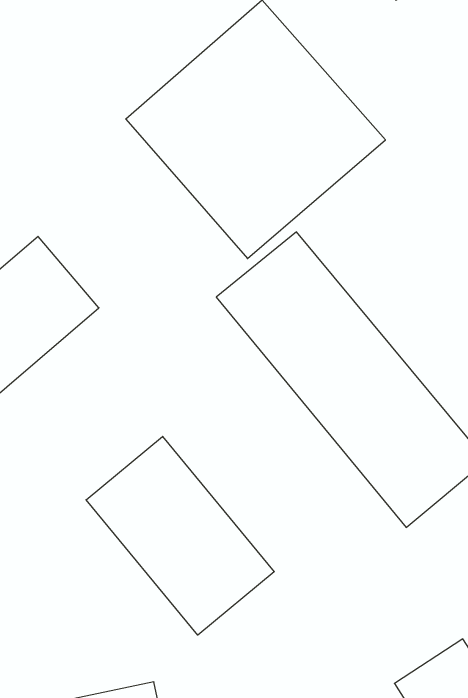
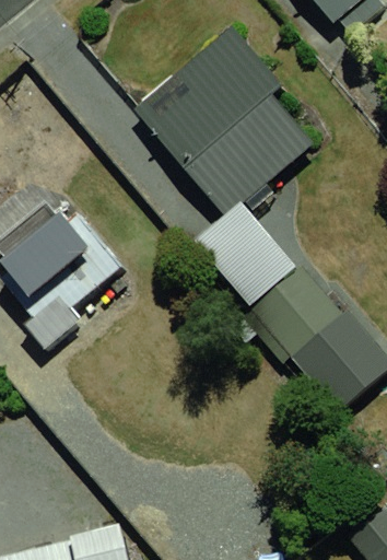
building: [86,436,274,635] -> none

